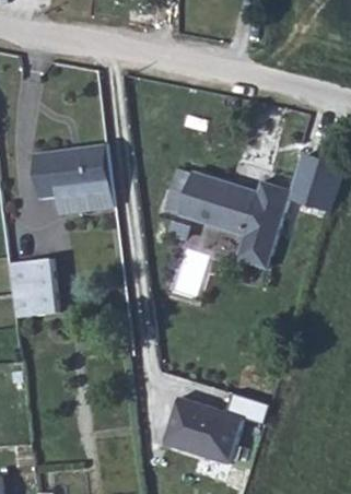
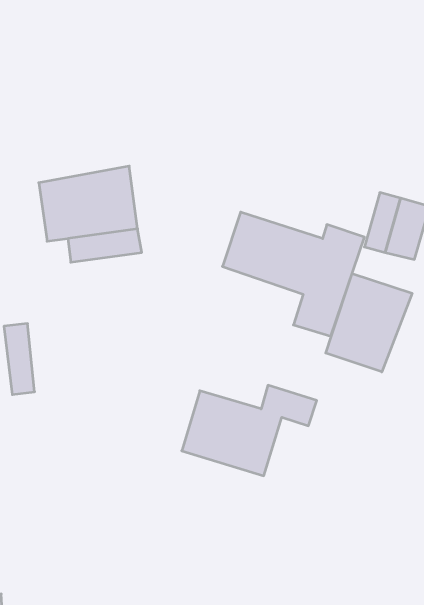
building: none -> [326,274,412,372]
building: [24,260,57,317] -> none
building: [165,392,271,463] -> [182,385,317,476]

